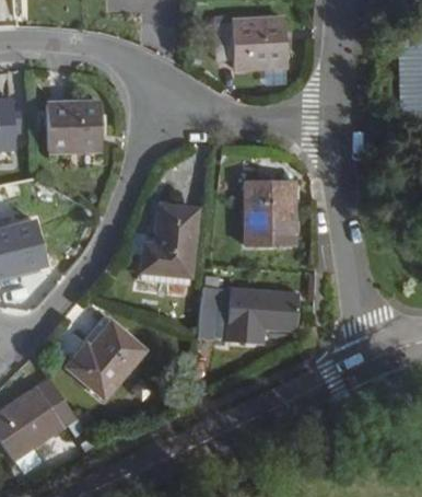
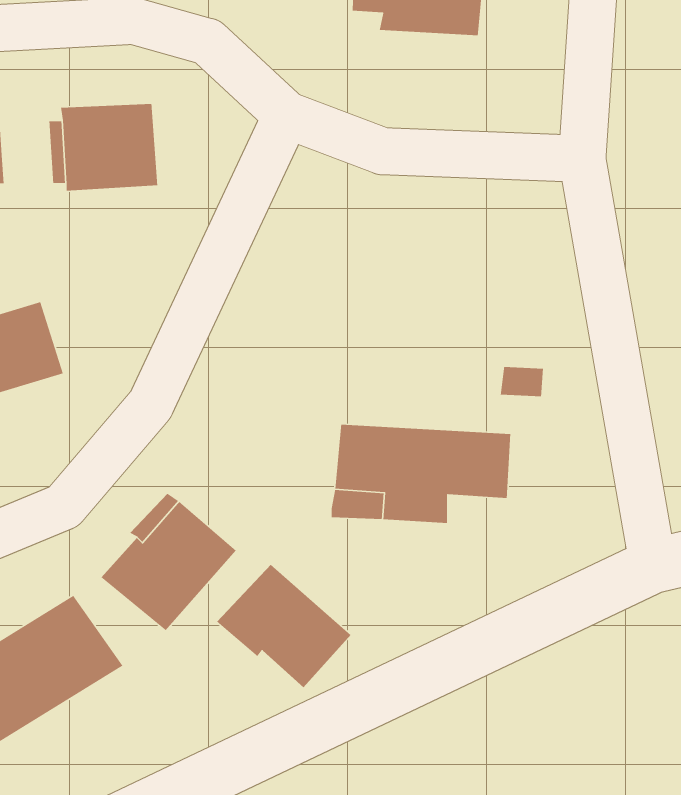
building: [246,177,292,245] -> none
building: [140,207,197,286] -> none
building: none -> [216,564,351,688]

